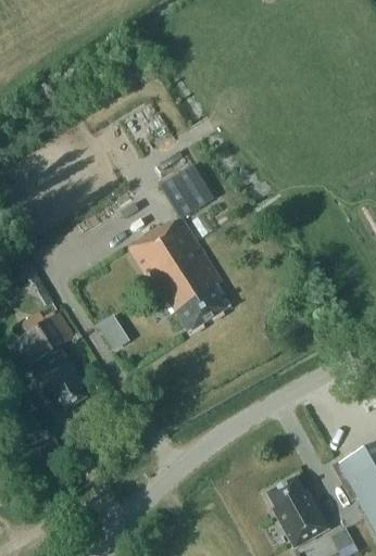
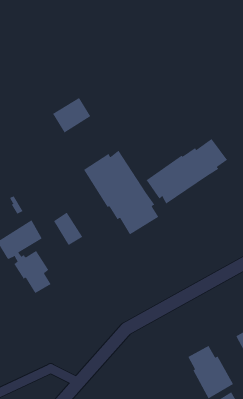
building: [162,174,213,220] -> [52,97,91,133]
building: none -> [146,138,228,205]

